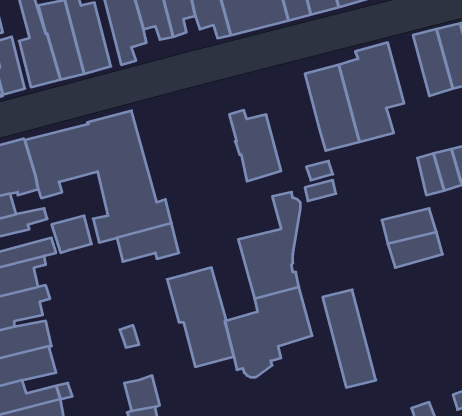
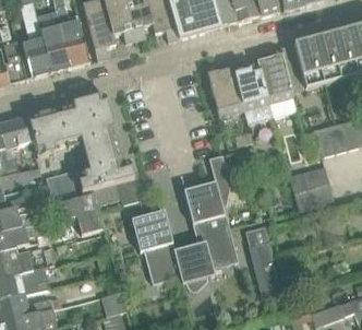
building: none -> [293,37,324,87]
building: [229,110,281,181] -> [205,62,243,115]
building: none -> [40,193,100,234]

